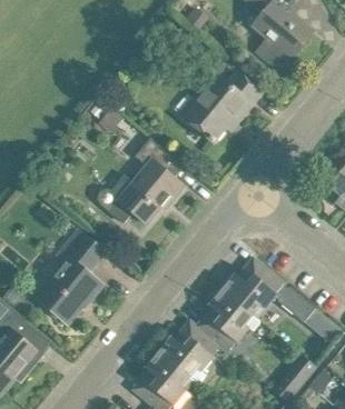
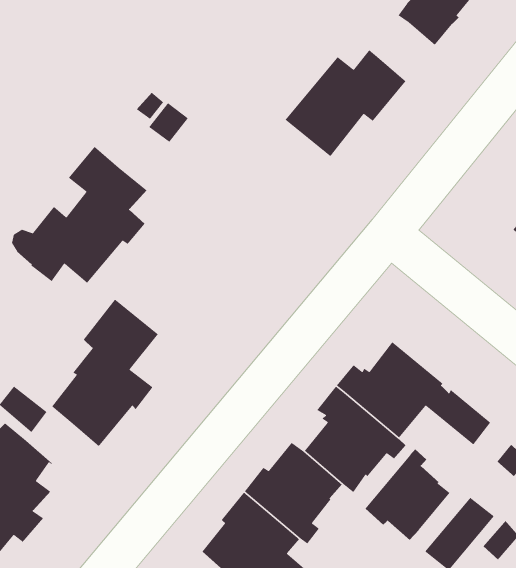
building: [99,138,185,225] -> [11,146,147,284]
building: none -> [364,449,450,541]

